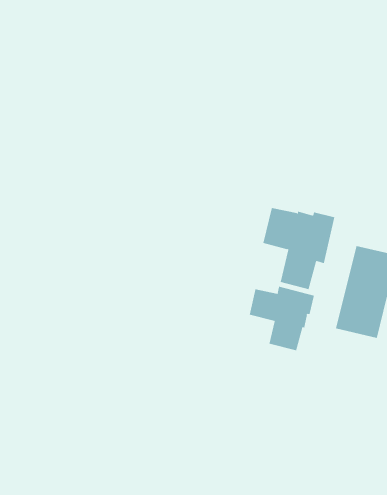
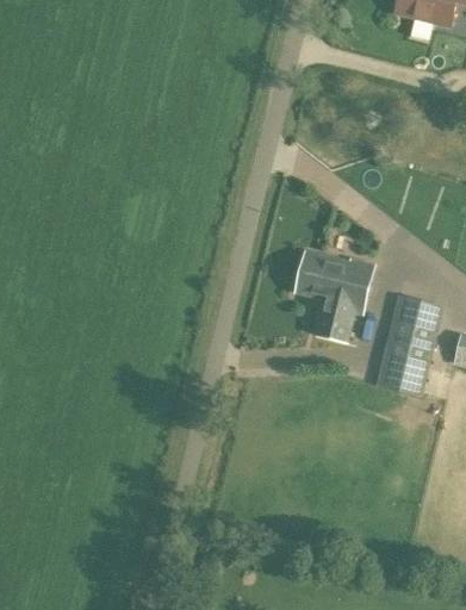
building: [249,286,315,351] -> none

